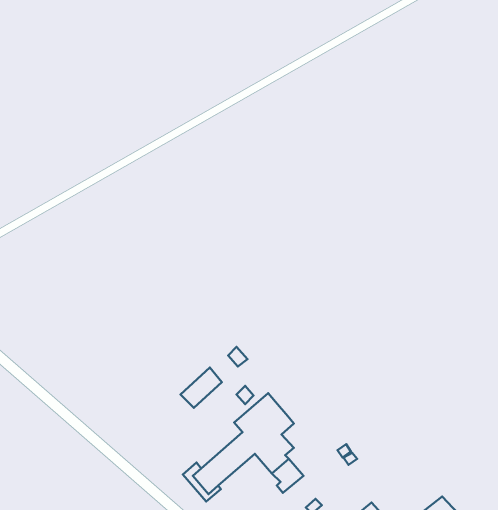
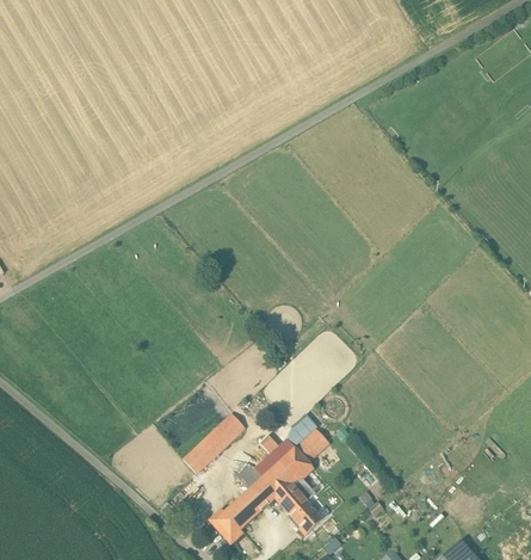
building: none -> [296,429,329,461]
building: none -> [180,438,216,473]

